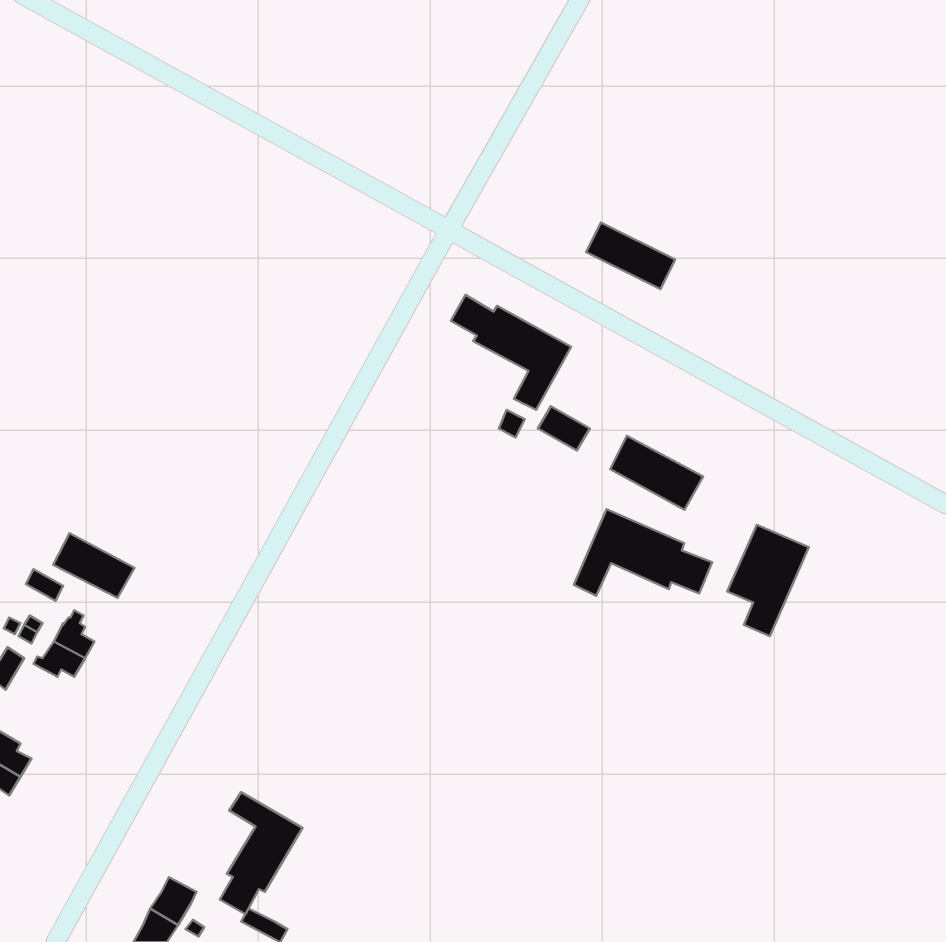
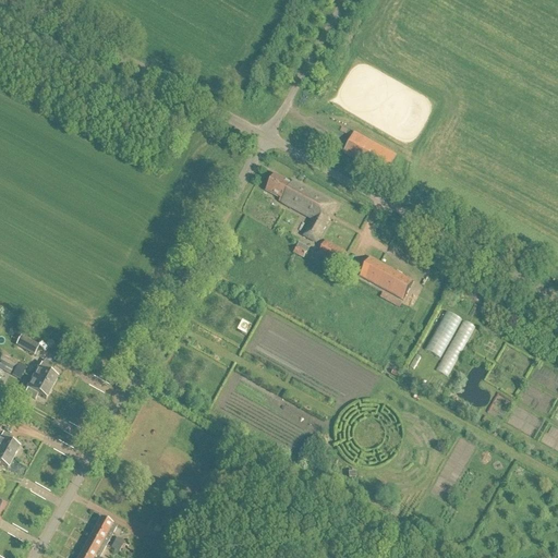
building: [574,509,712,596] -> none
building: [53,533,135,598] -> none
building: [220,792,302,914] -> none

